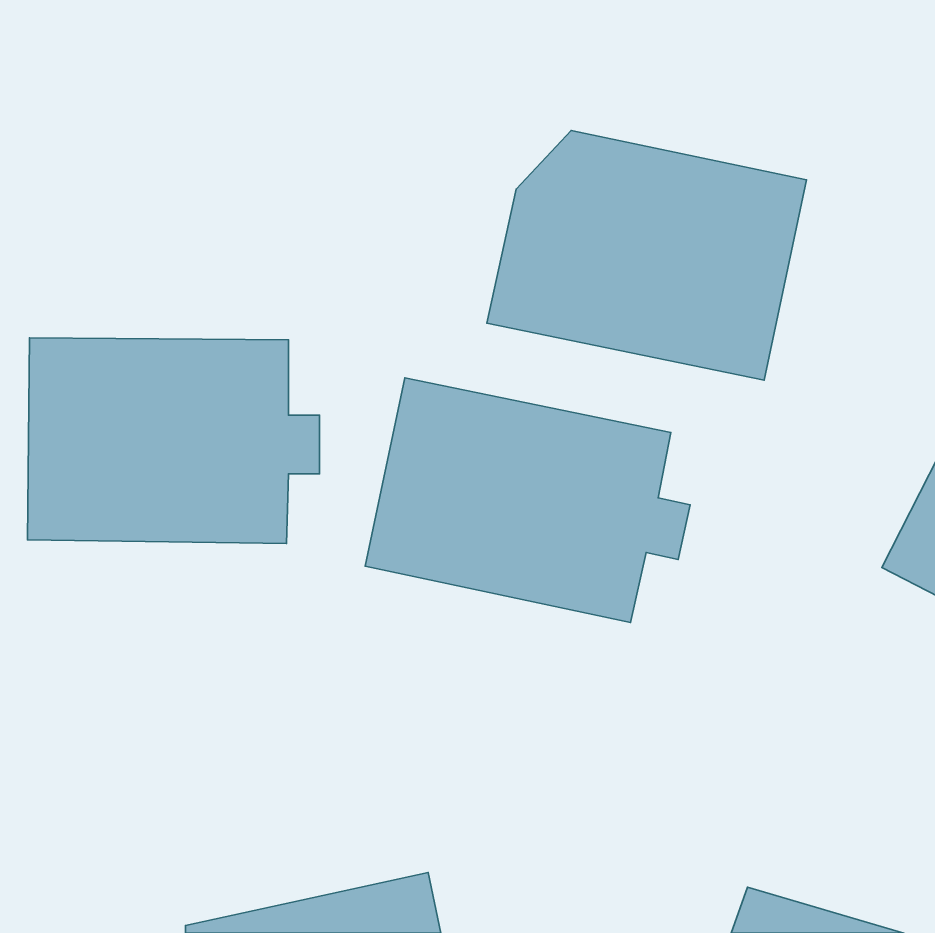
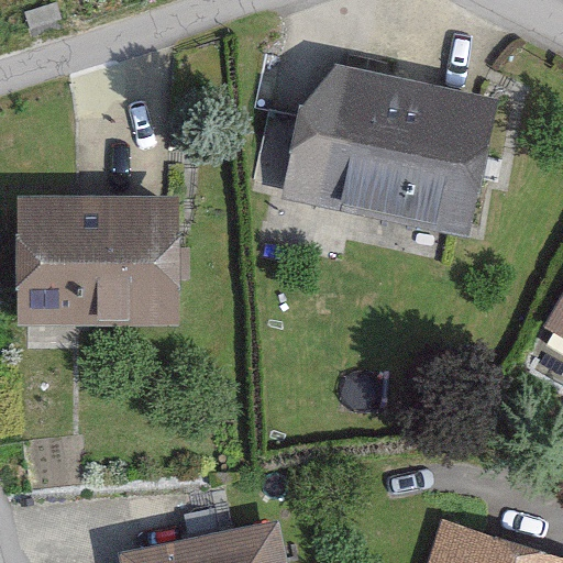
building: [365,378,690,622] -> none

